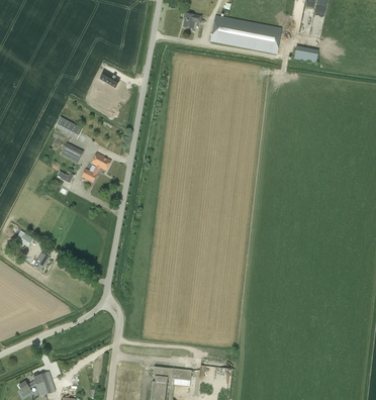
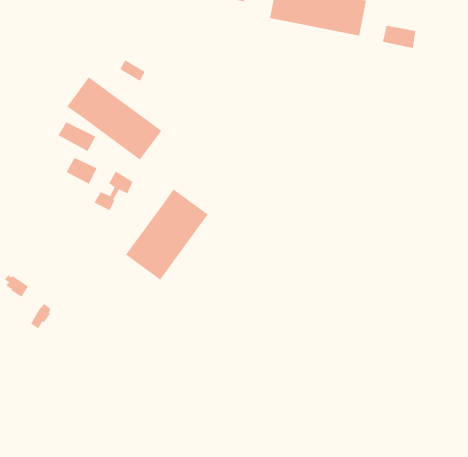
building: none -> [66,76,162,161]
building: none -> [125,188,209,281]

